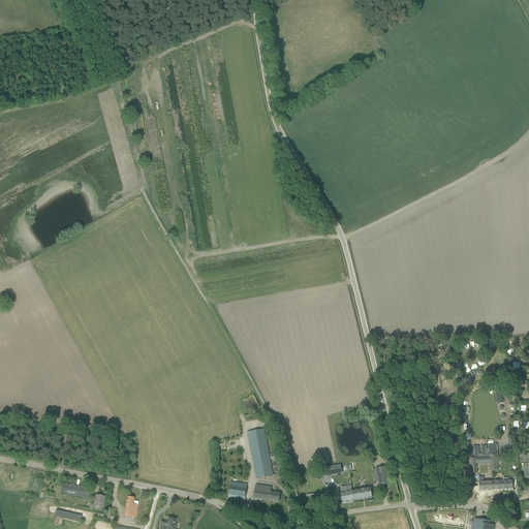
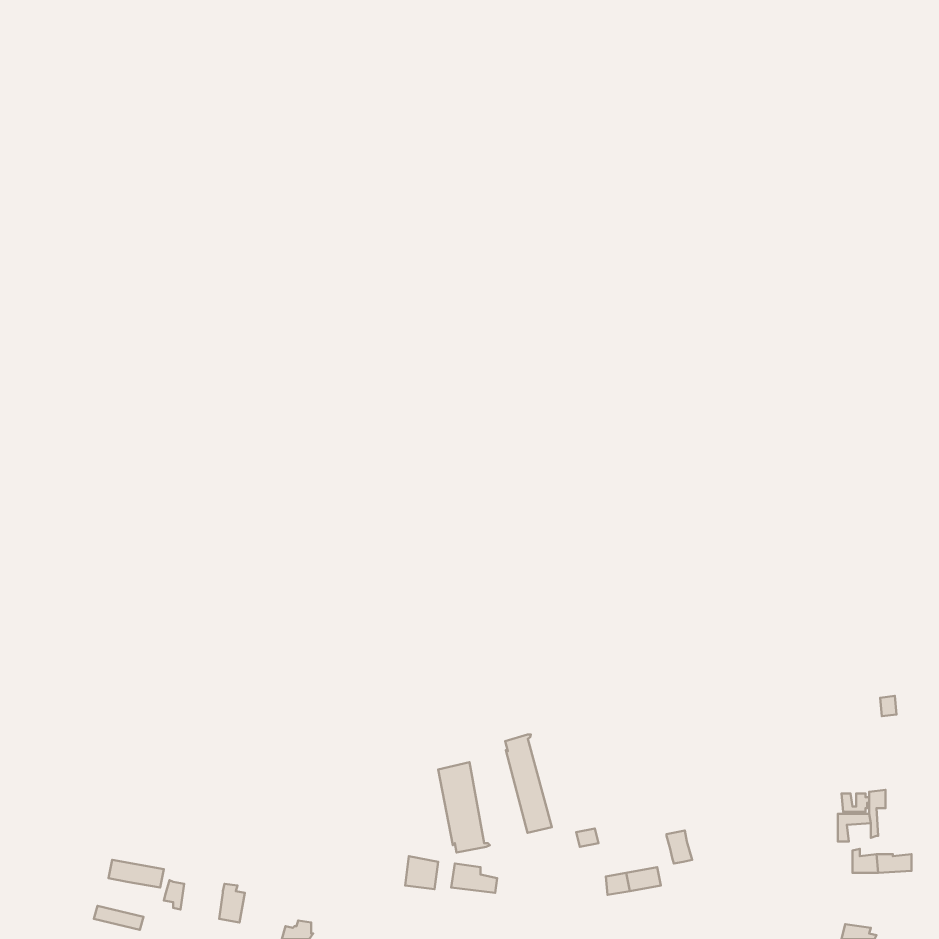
building: none -> [505,734,552,833]

